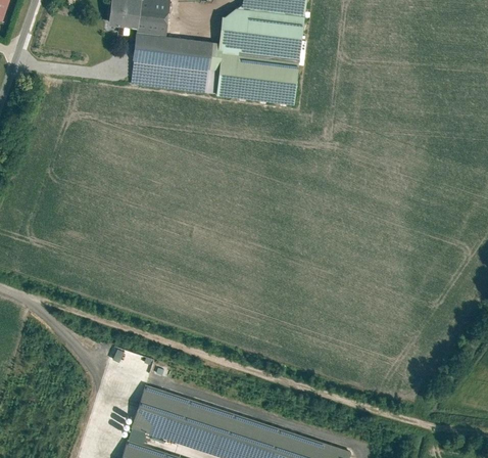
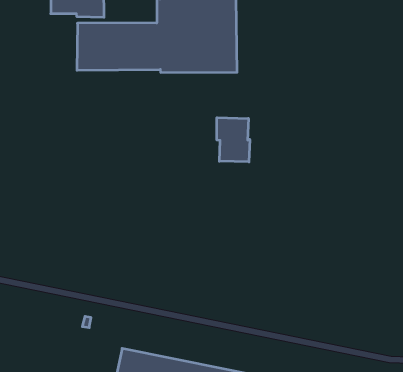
building: none -> [217,118,250,162]

